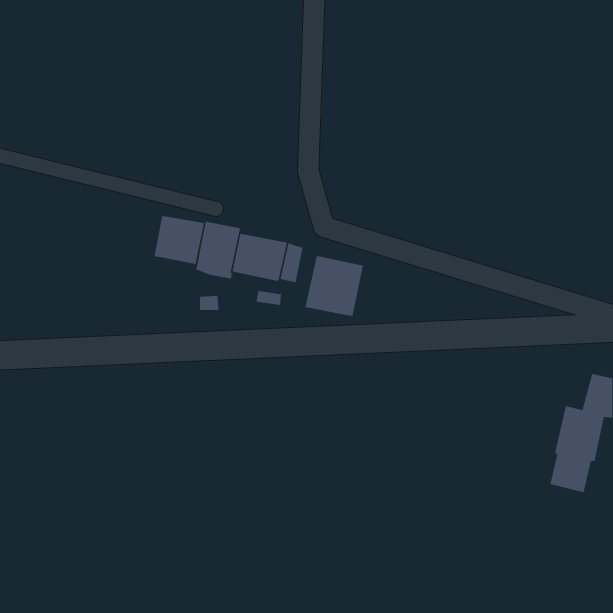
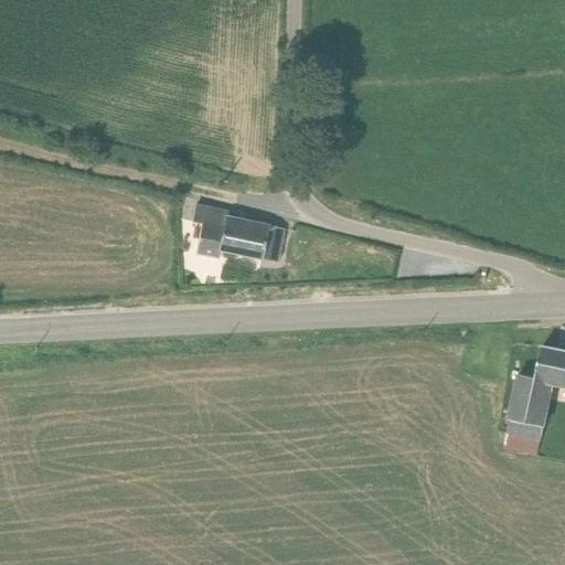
building: [153,215,205,265] -> none
building: [305,255,364,316] -> none

